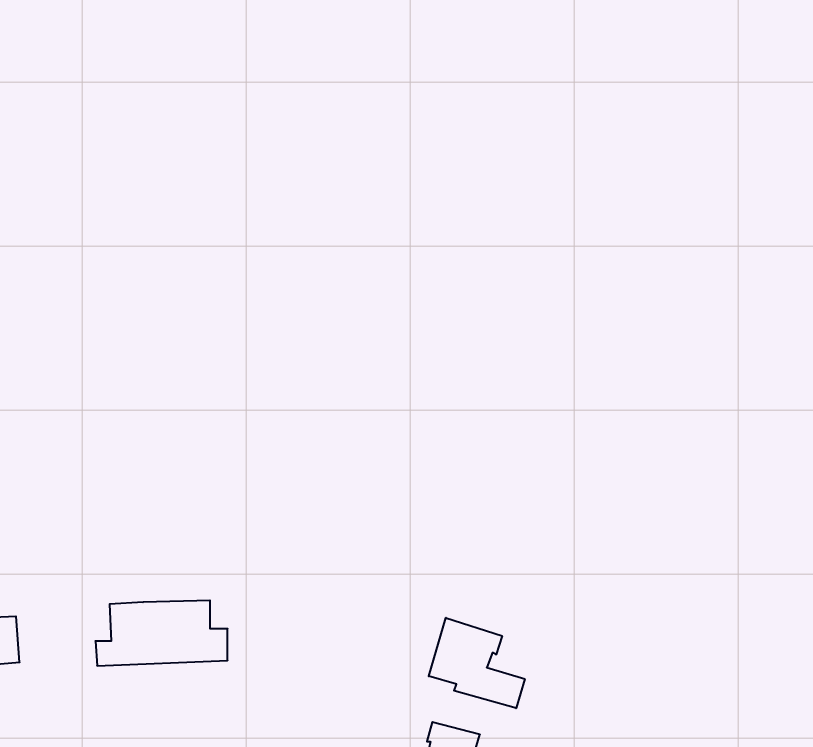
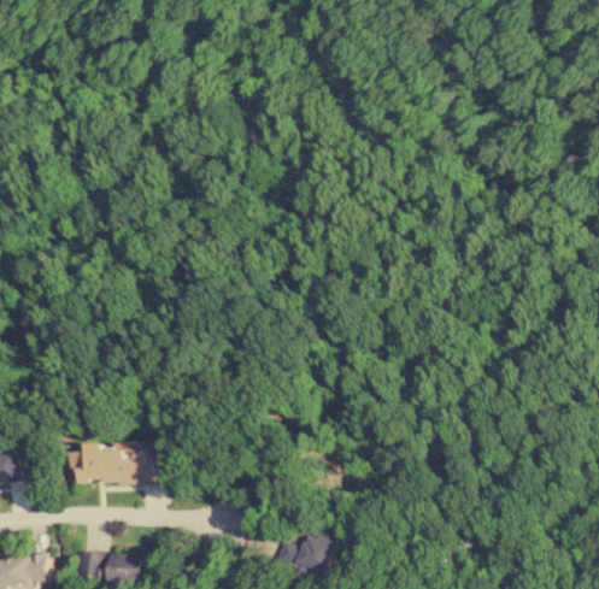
building: [429,618,525,708] -> none

